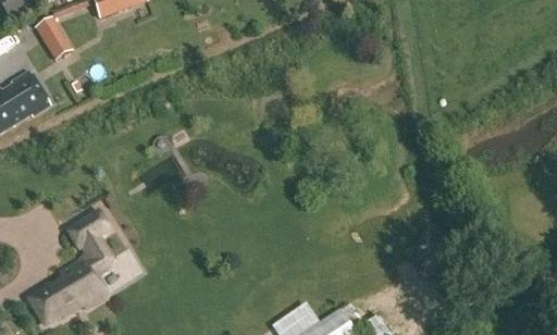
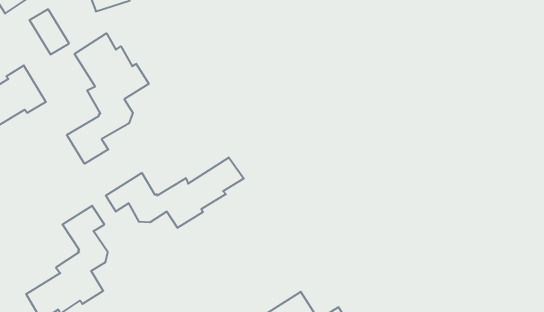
building: none -> [67,33,149,164]
building: none -> [106,157,244,228]

